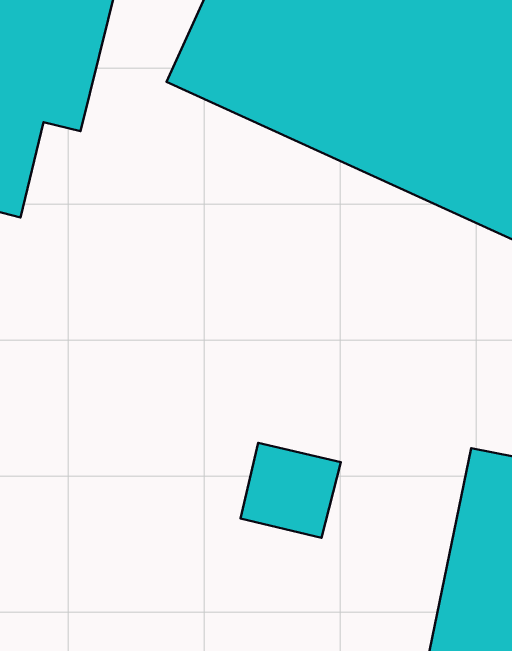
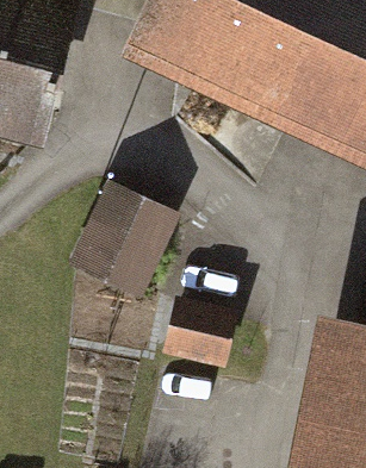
building: none -> [77,186,179,295]

